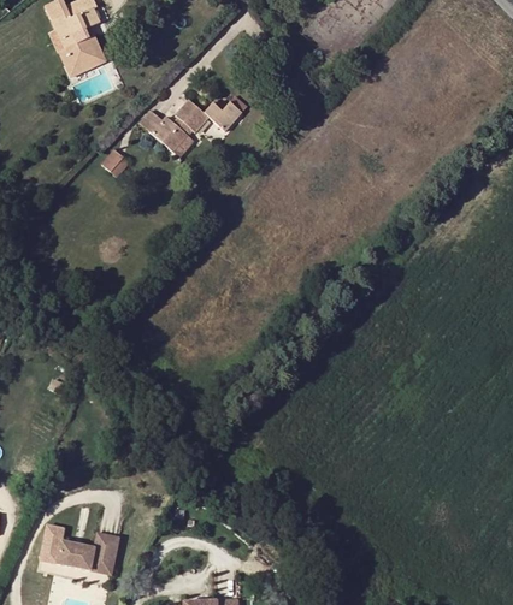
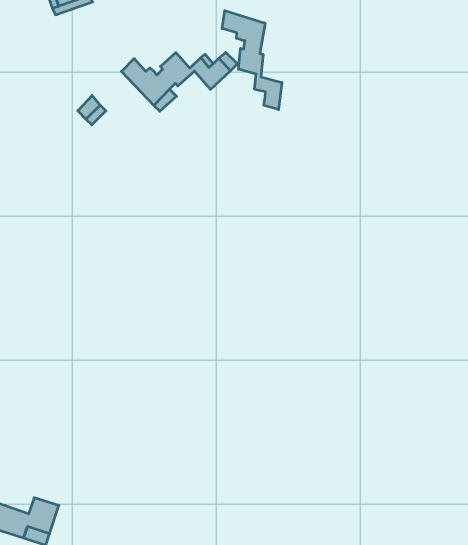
building: none -> [222,11,282,110]

